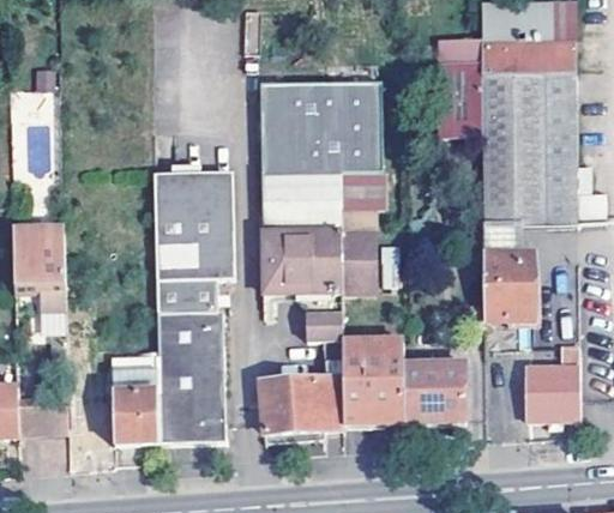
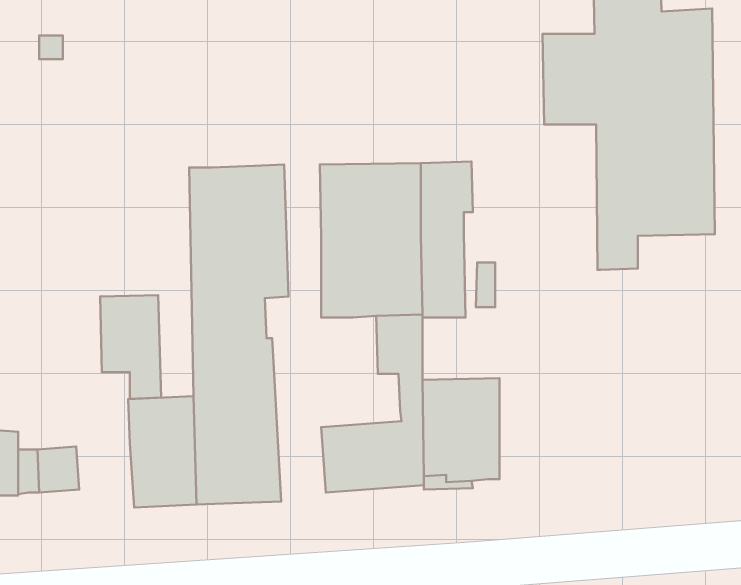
building: [259,80,383,168] -> none
building: [13,225,62,309] -> [100,295,161,399]
building: [487,251,536,318] -> none
building: [525,344,582,421] -> none
building: [405,363,468,422] -> none

